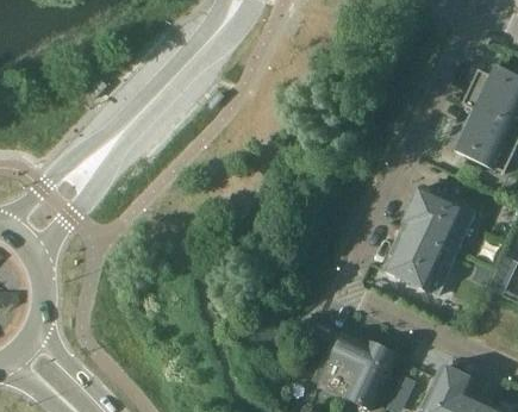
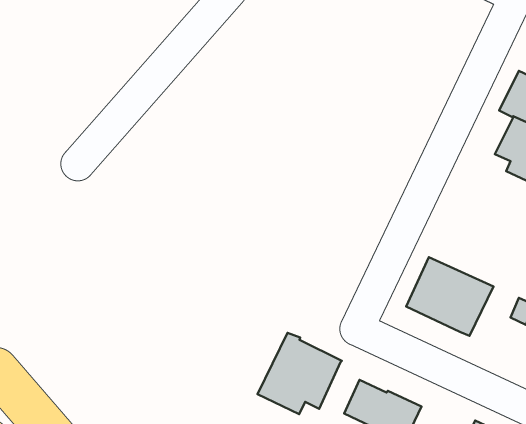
building: [401,186,475,254] -> none
building: none -> [258,333,342,414]

